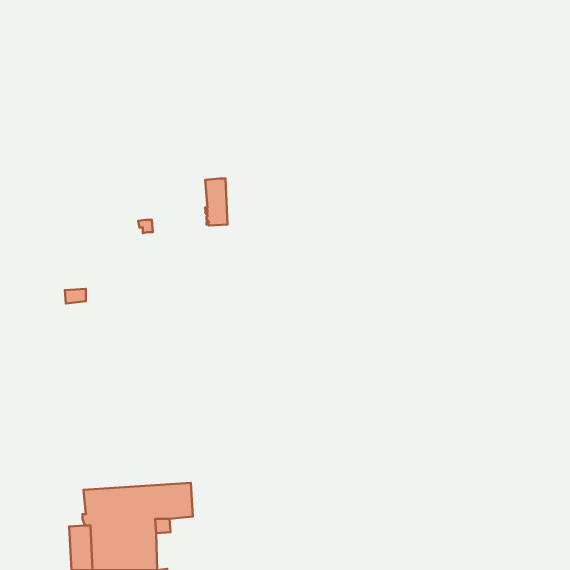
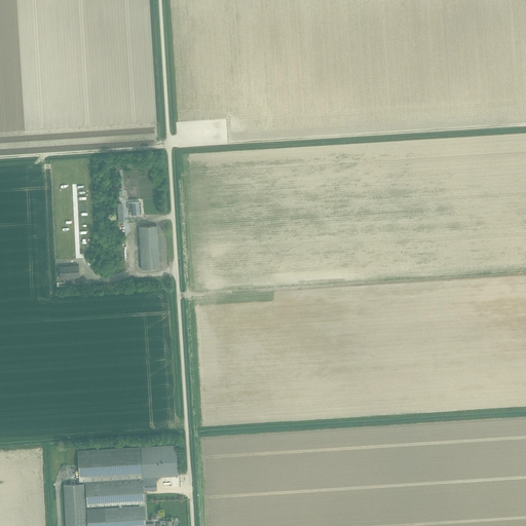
building: [205,179,228,226] -> [139,226,159,269]

